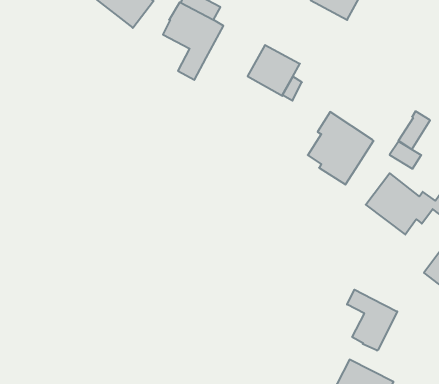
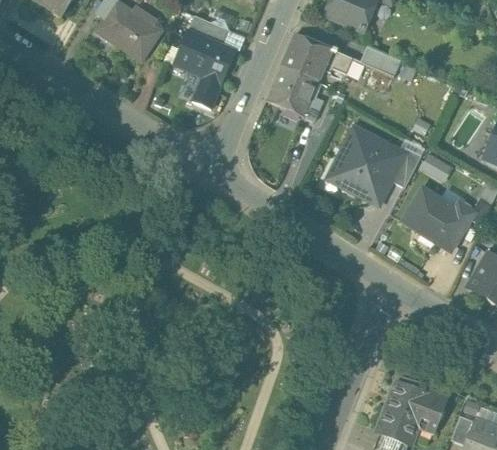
building: none -> [280,32,353,81]
building: none -> [359,46,400,76]
building: [398,111,430,149] -> [389,147,420,187]
building: [347,290,397,351] -> none

